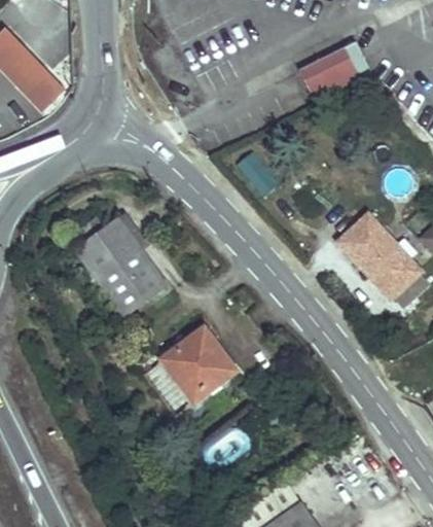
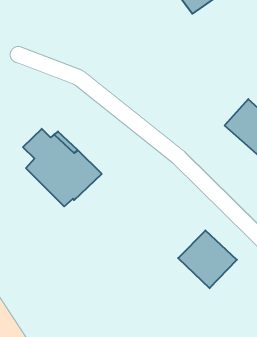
building: [159,330,232,403] -> [178,230,237,288]

